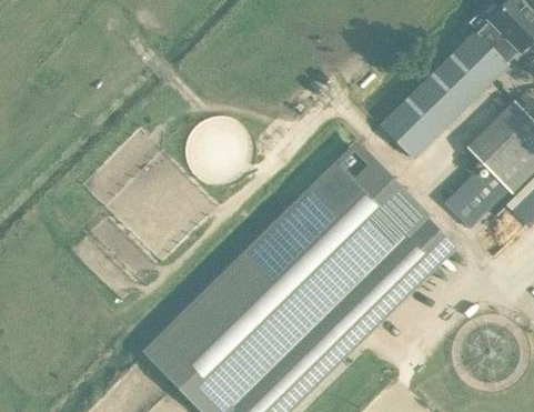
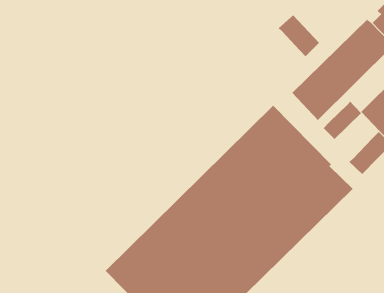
building: none -> [278,14,320,57]
building: none -> [323,101,362,140]

